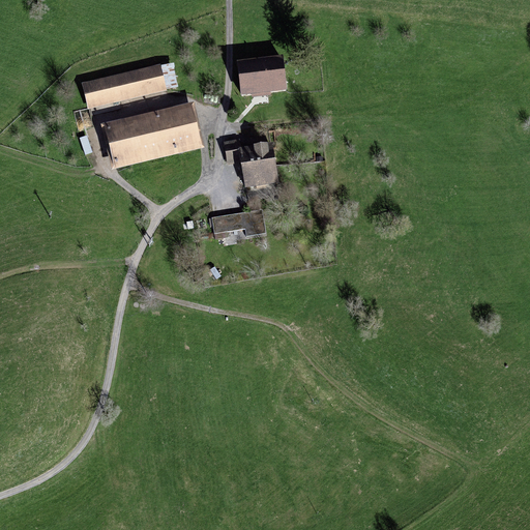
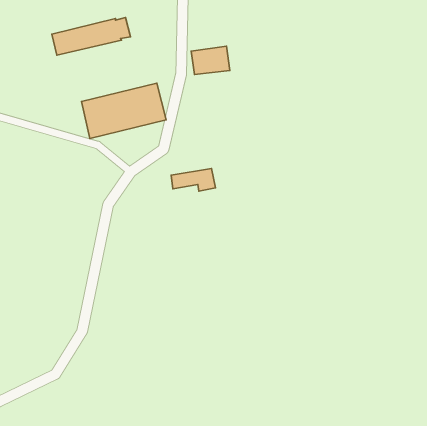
building: [81,62,178,109] -> [52,18,131,55]
building: [223,139,275,186] -> none

